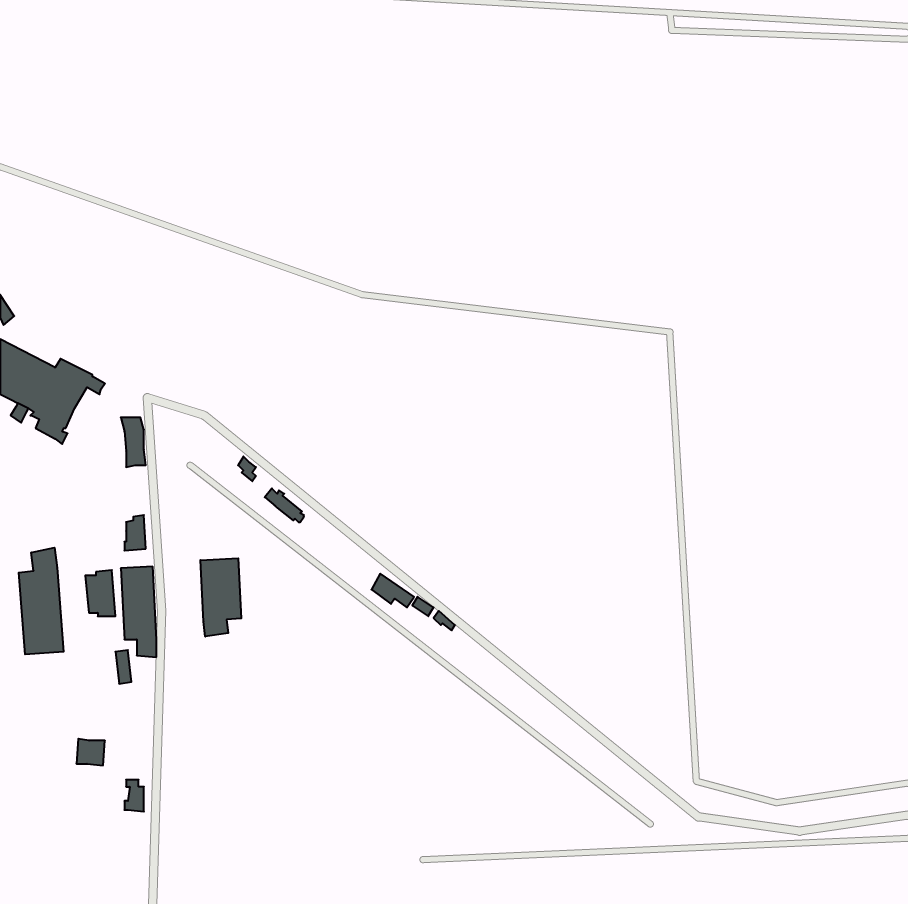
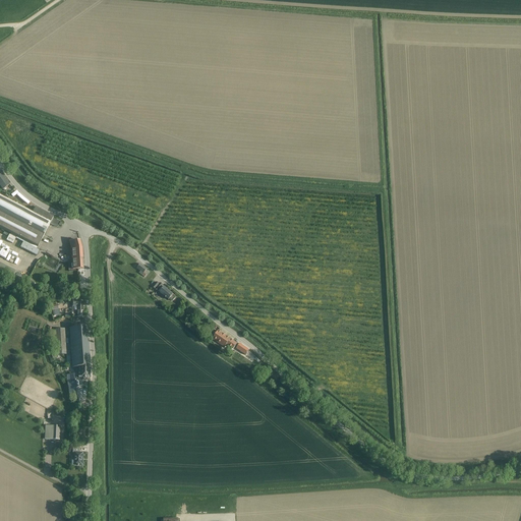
building: [19,548,64,654] -> none
building: [200,558,241,637] -> none

